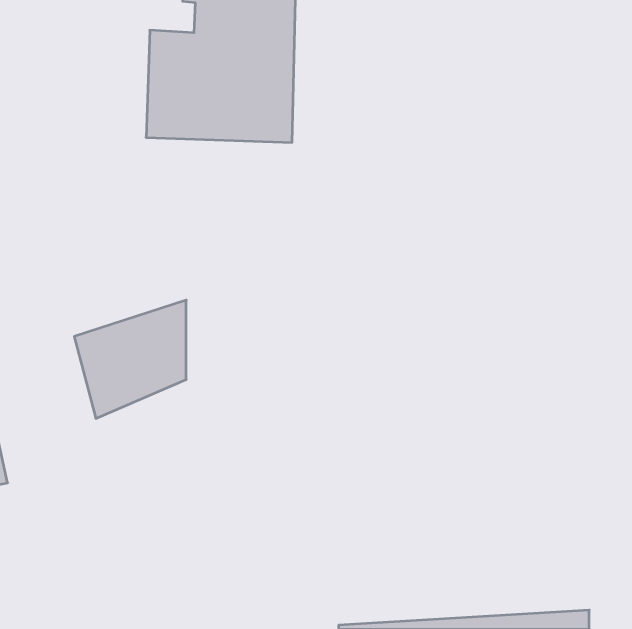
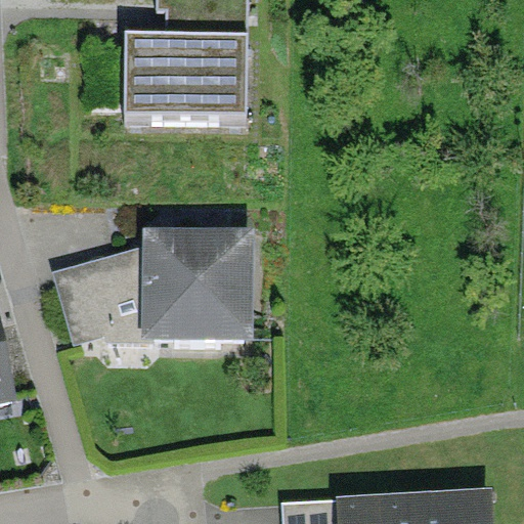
building: none -> [151,233,261,344]

